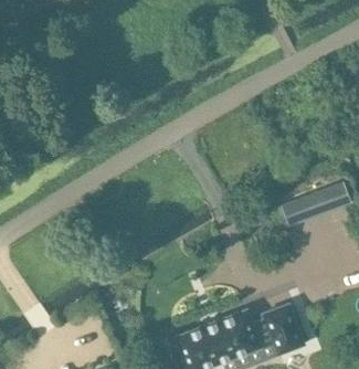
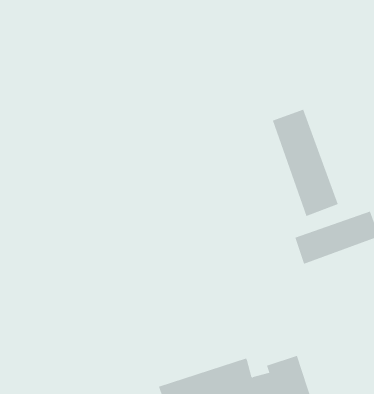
building: none -> [272,109,339,217]

